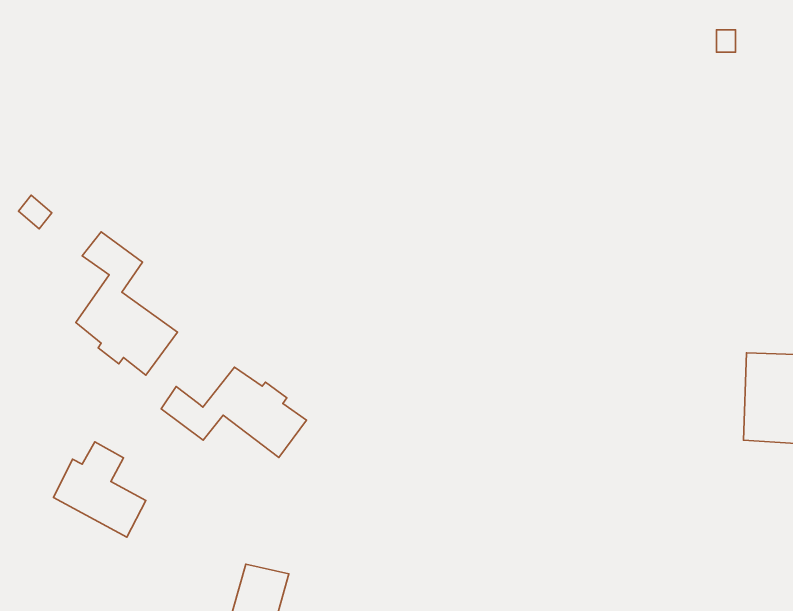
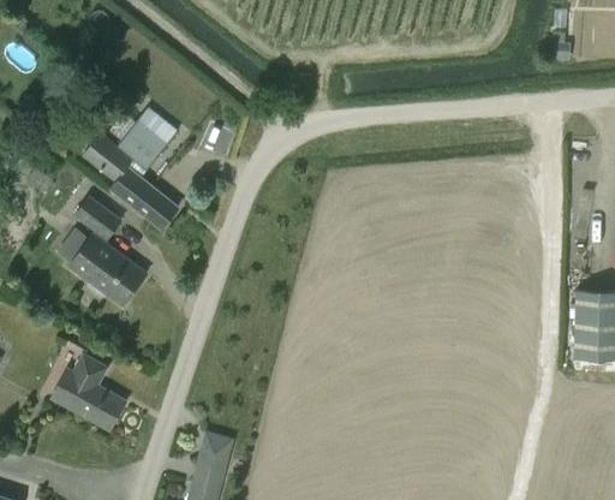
building: none -> [83,107,178,230]
building: [161,367,307,458] -> none

